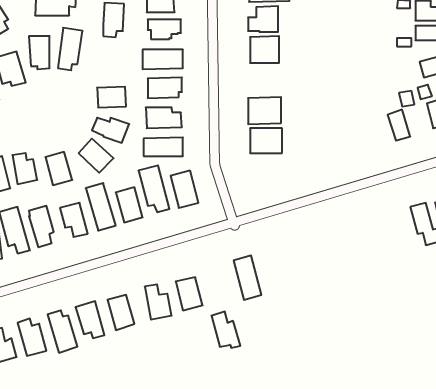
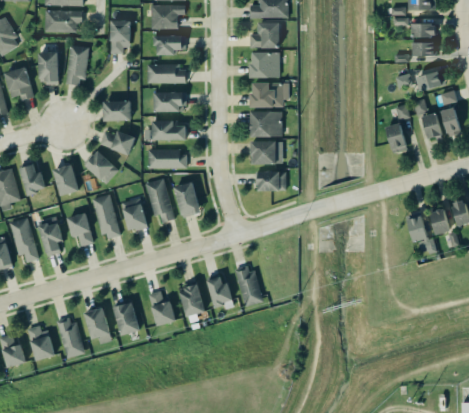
building: none -> [250,83,289,107]
building: none -> [258,171,288,191]
building: [211,312,240,348] -> [206,274,234,309]

